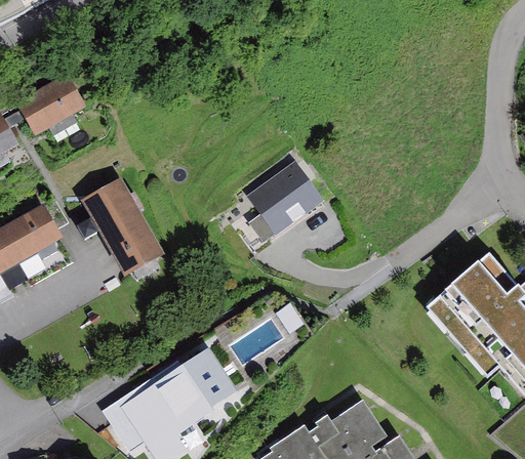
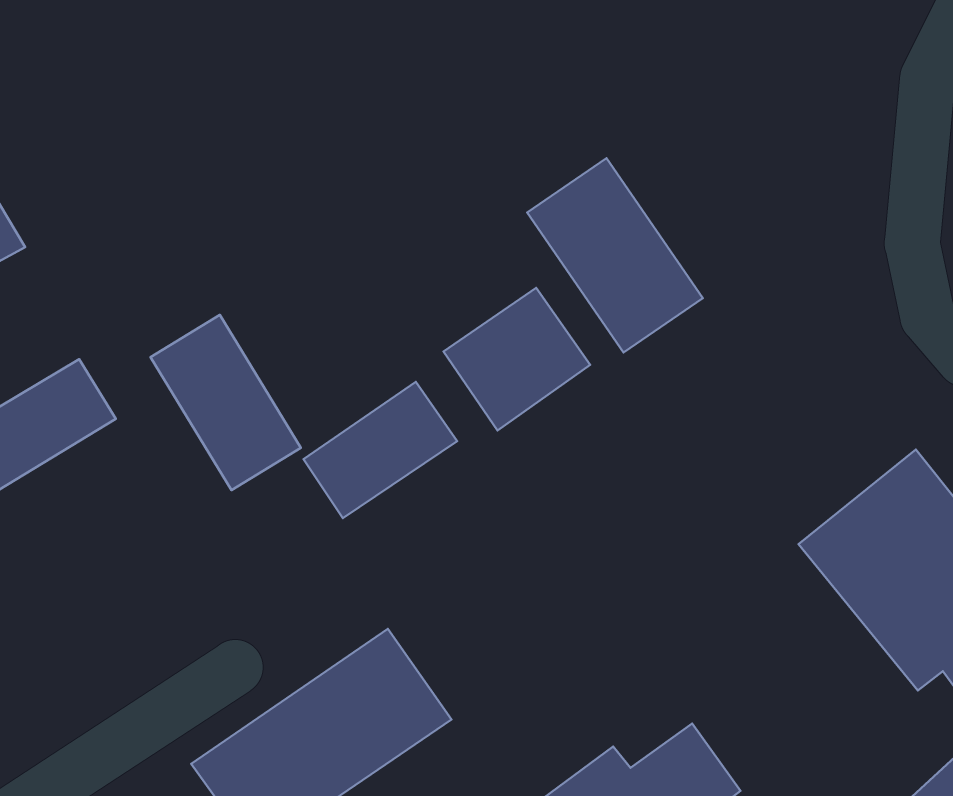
building: [22,75,85,133] -> none
building: none -> [527,158,703,353]
building: none -> [304,382,457,518]

